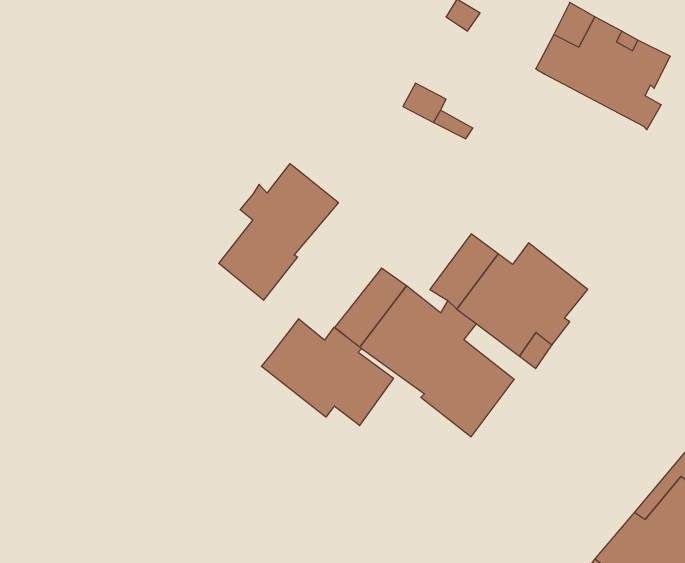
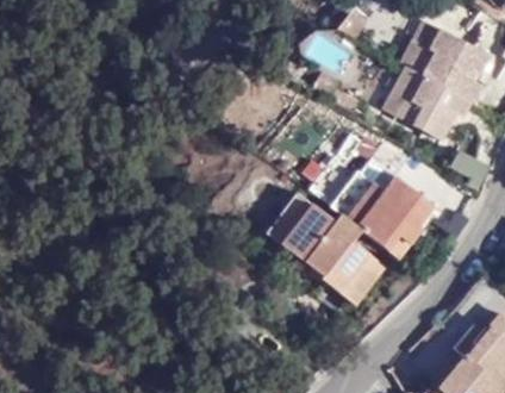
building: none -> [381,64,470,139]
building: [219,164,338,300] -> none
building: [261,319,393,426] -> none

